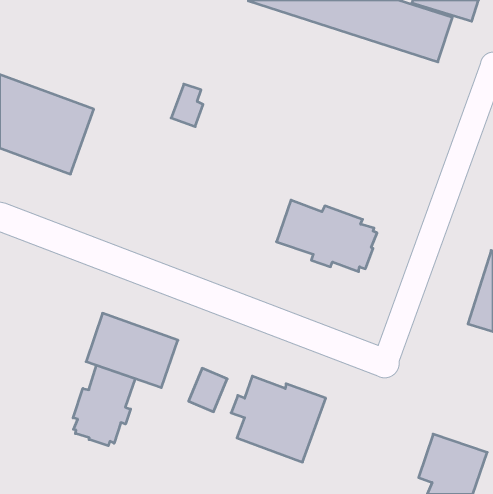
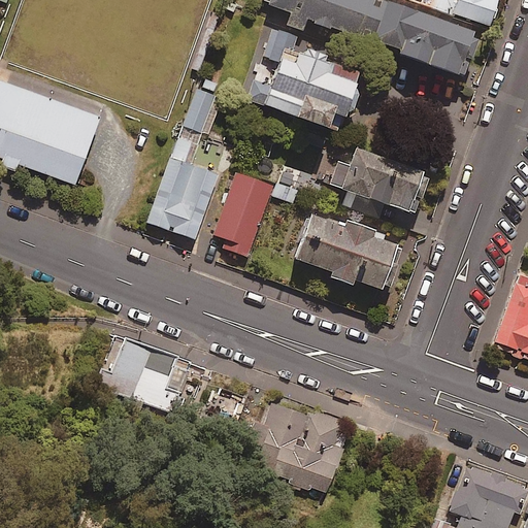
building: none -> [248,31,363,132]
building: none -> [329,147,430,217]
building: none -> [145,158,217,239]
building: none -> [212,174,272,257]
building: [73,365,135,446] -> none

